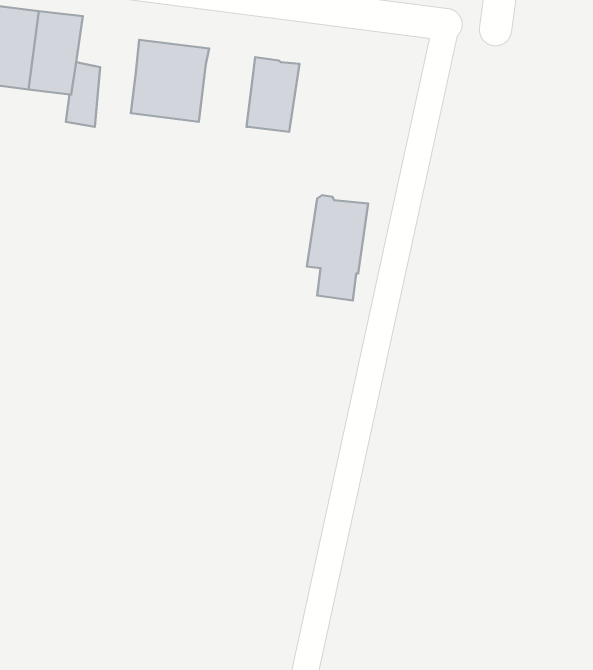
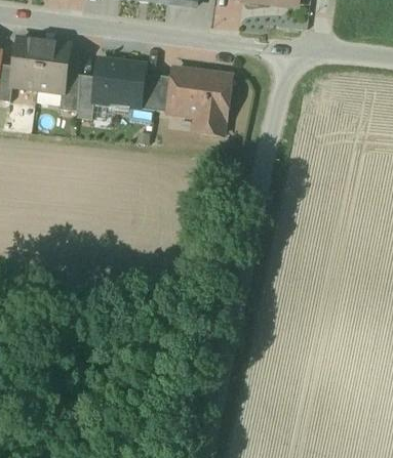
building: none -> [140,73,172,112]
building: none -> [76,75,102,116]
building: [307,195,368,301] -> [194,71,231,134]

